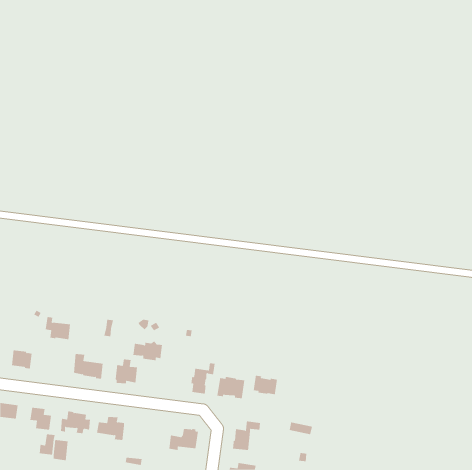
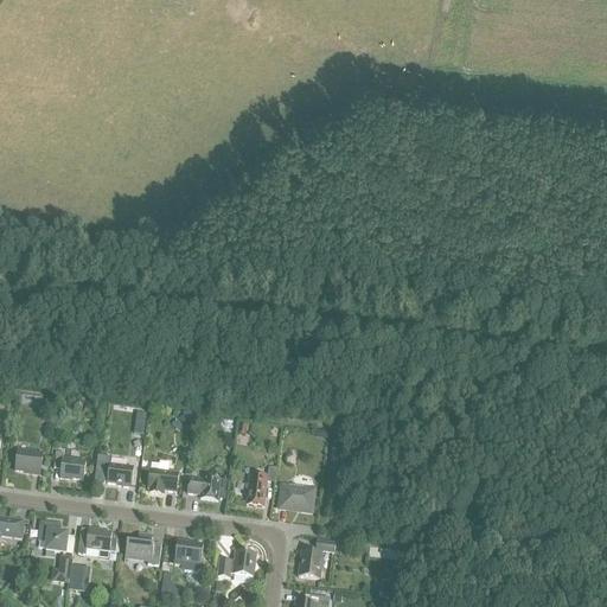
building: [45,317,71,340] -> [52,449,85,479]
building: [132,340,163,361] -> [186,473,225,499]
building: [253,375,278,395] -> none
building: none -> [173,538,203,570]

